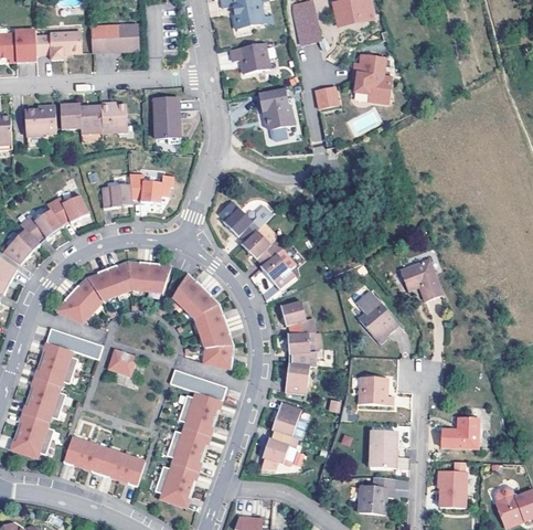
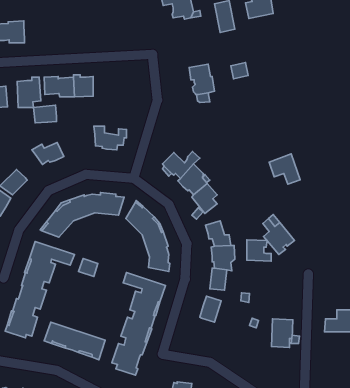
building: [105,23,138,51] -> none
building: [34,31,81,59] -> none
building: [230,41,270,74] -> none
building: [352,55,392,103] -> none
building: [153,96,181,137] -> none
building: [100,182,131,206] -> [34,105,56,123]
building: [20,209,62,241] -> none
building: [401,259,443,300] -> [269,154,300,184]
building: [361,377,394,405] -> [247,240,271,261]
building: [263,431,298,468] -> none
building: [440,473,466,509] -> none
building: [360,477,396,515] -> none

